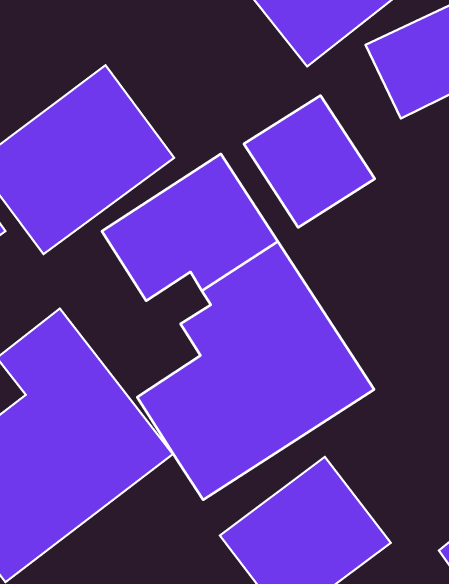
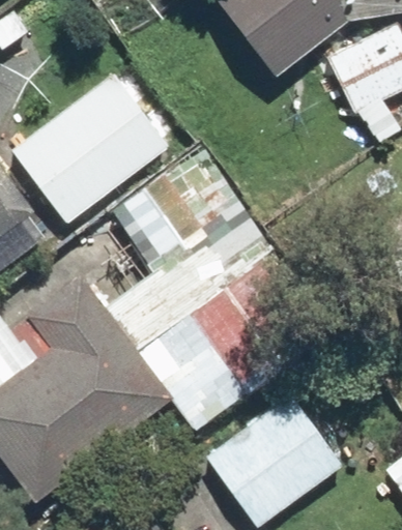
building: [244,95,375,227] -> none

